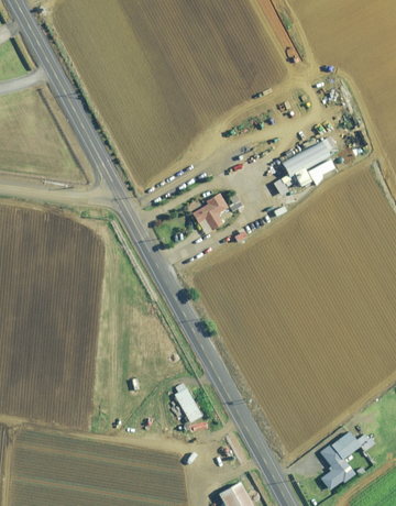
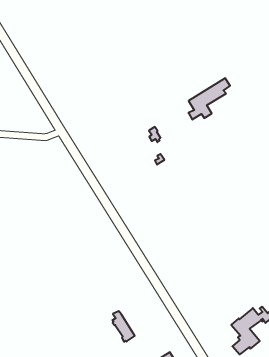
building: [193,192,228,233] -> none
building: [174,383,201,422] -> [112,311,135,342]

